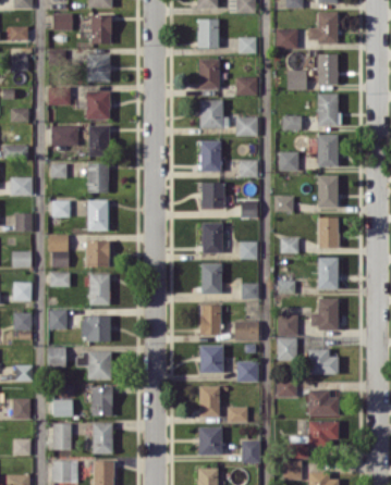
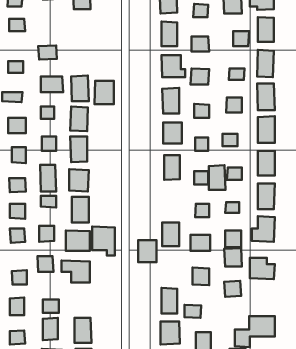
building: [87,54,110,83] -> none
building: [86,91,110,120] -> [94,81,114,104]
building: [201,263,222,294] -> [209,165,226,190]
building: none -> [92,226,115,256]
building: [200,346,223,373] -> [138,240,157,262]
building: [91,387,113,415] -> none
building: [308,389,339,415] -> none

